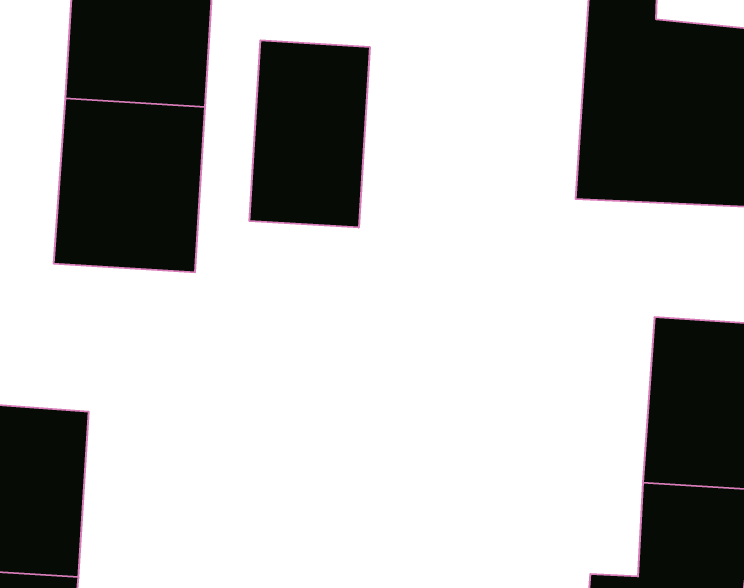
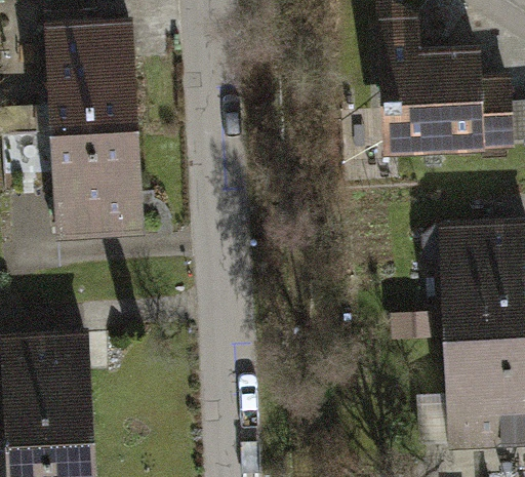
building: [249,40,370,228] -> none

